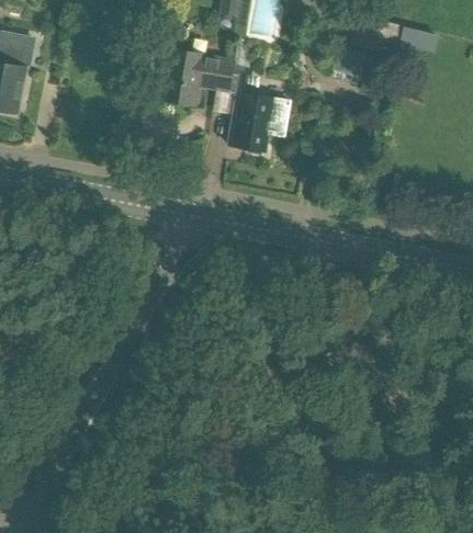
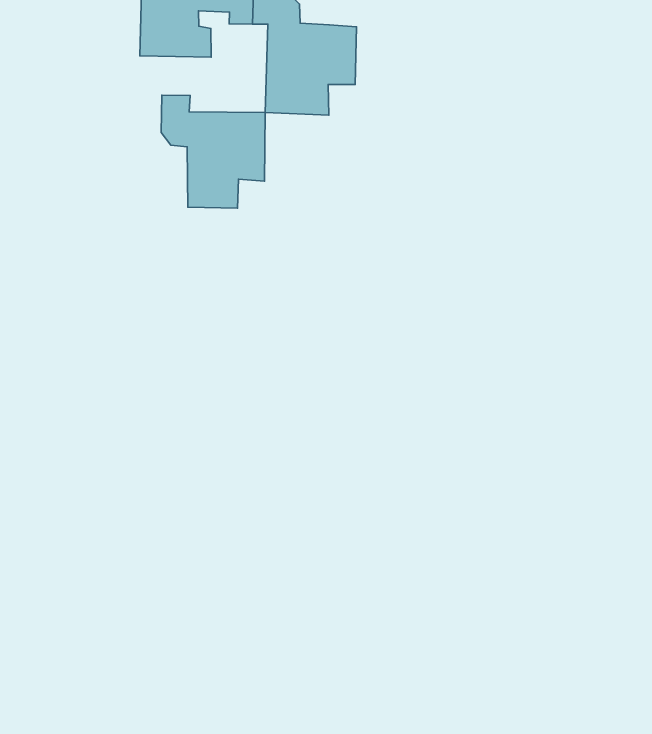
building: none -> [161,95,265,208]

